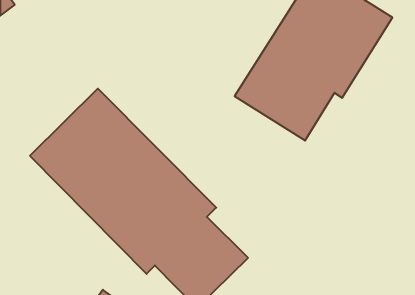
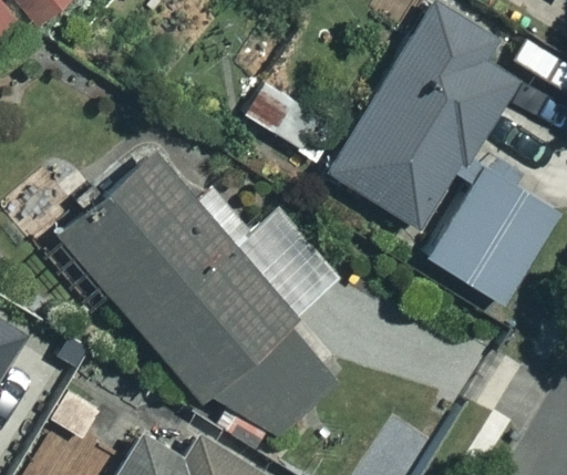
building: none -> [433,168,559,302]

